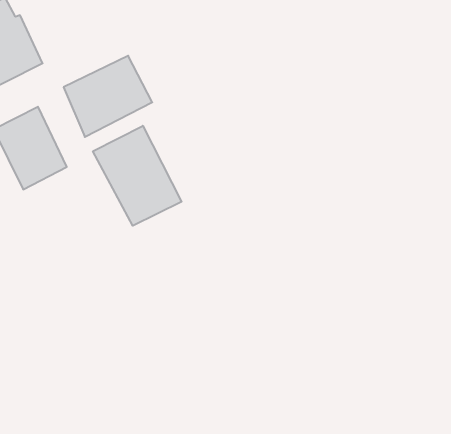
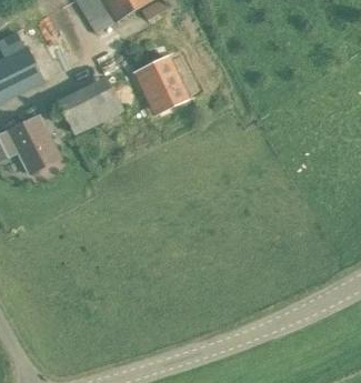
building: none -> [137,57,189,113]
building: [93,126,182,226] -> none

